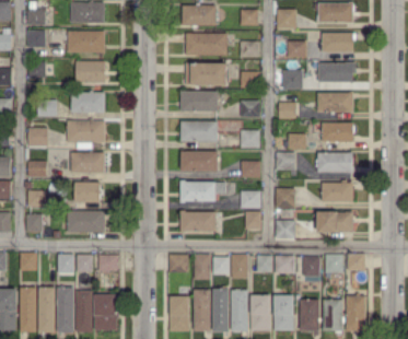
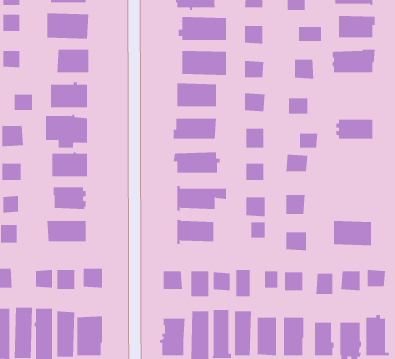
building: [316,92,352,115] -> none
building: [316,151,353,173] -> none
building: [323,183,352,202] -> none

